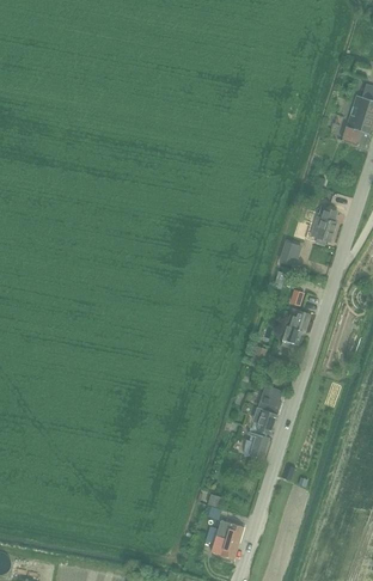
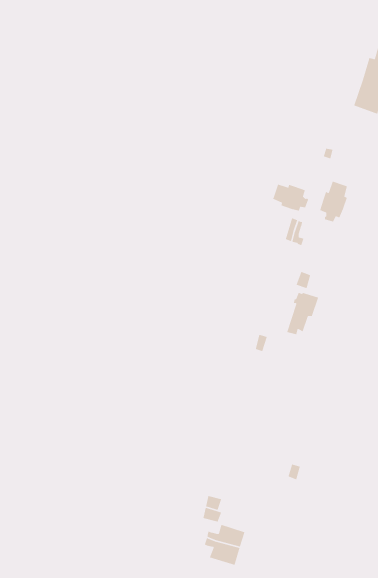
building: none -> [272,183,309,211]
building: [244,384,280,459] -> none

